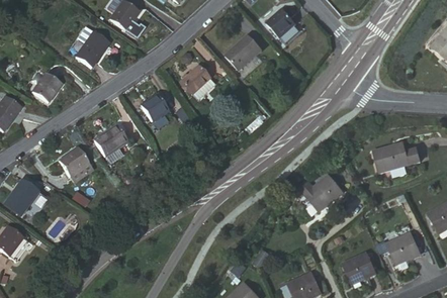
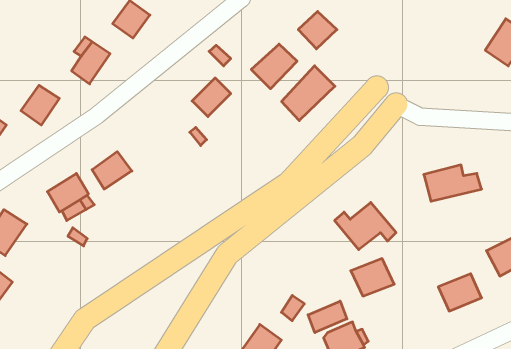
building: none -> [282,66,335,121]
building: [139,96,168,124] -> none
building: [339,250,375,281] -> [351,259,394,296]
building: none -> [308,301,347,333]

